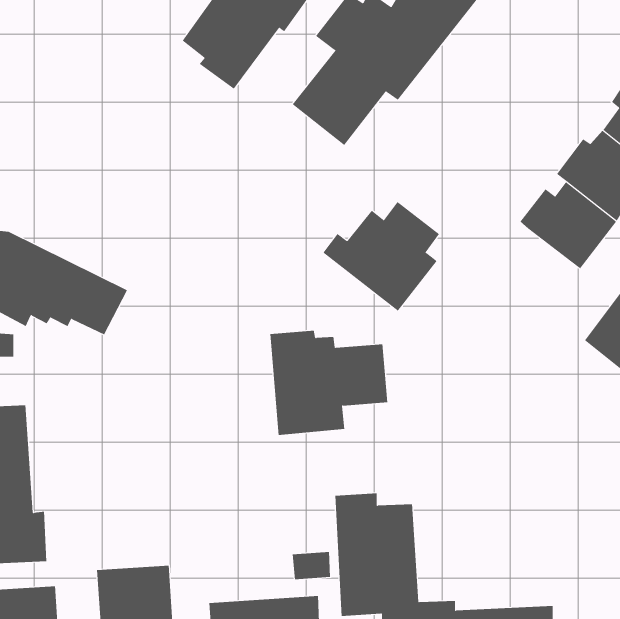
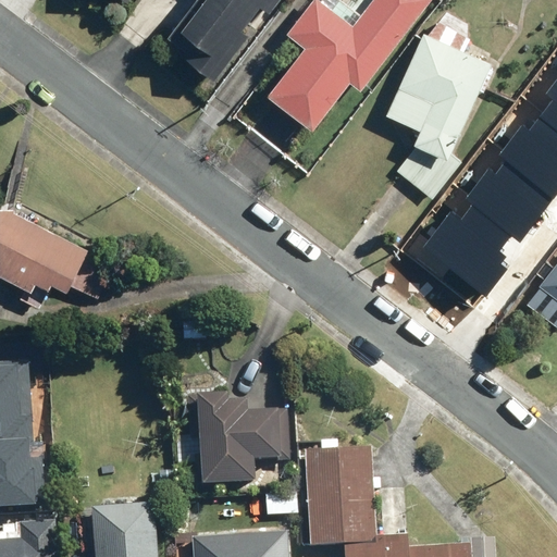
building: none -> [384,33,491,199]
building: [322,201,440,311] -> [407,206,511,304]
building: [269,330,388,435] -> [186,399,292,493]

